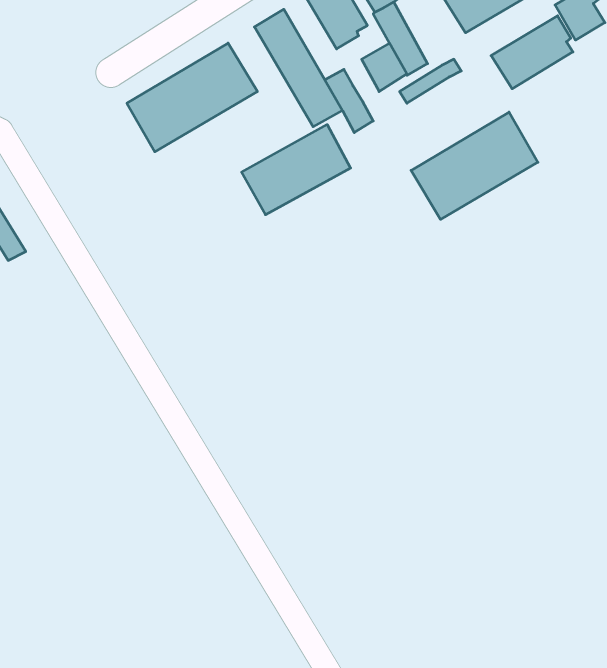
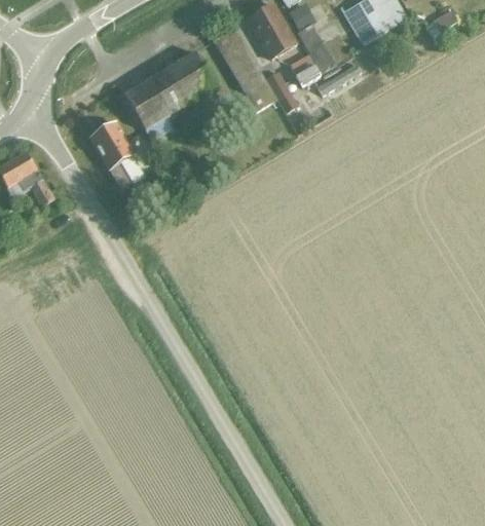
building: [491,16,573,89] -> none
building: [411,112,538,219] -> none
building: [242,125,351,215] -> none
building: none -> [90,121,134,190]

